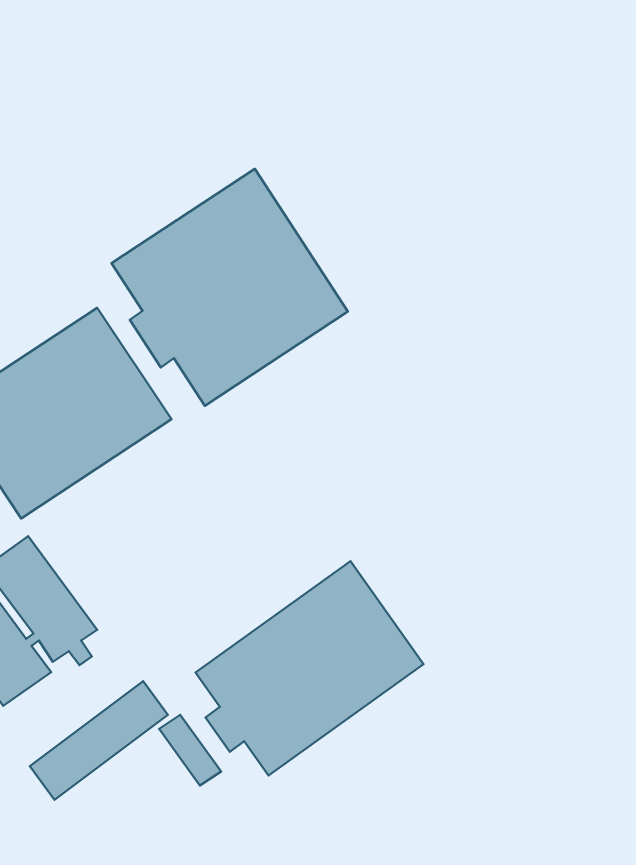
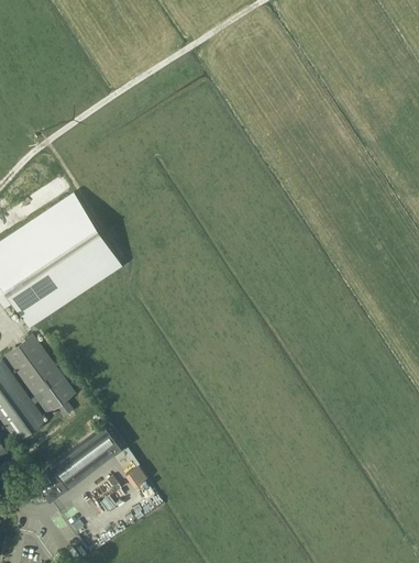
building: [112,169,348,406] -> none
building: [195,561,423,775] -> none

